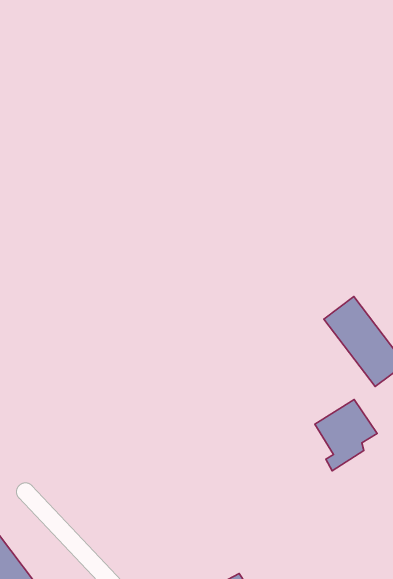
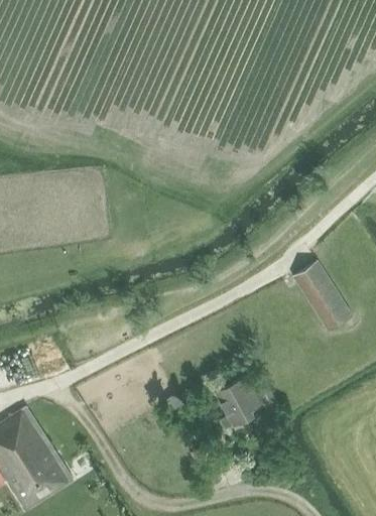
building: [315,399,377,471] -> [215,376,261,428]

